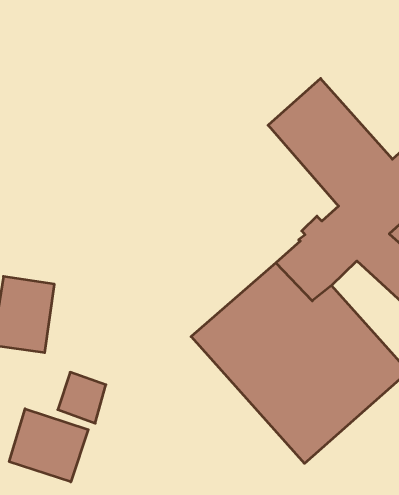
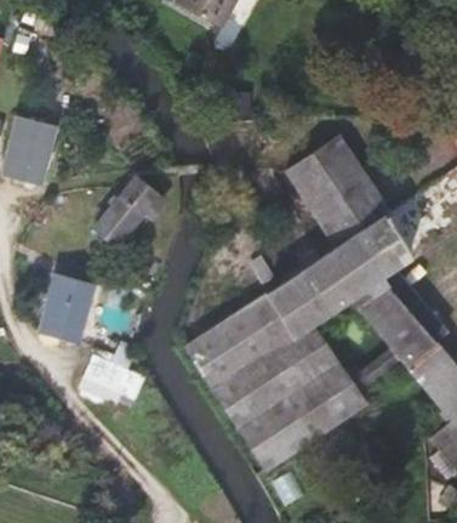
building: none -> [93,178,161,243]
building: [9,409,88,482] -> none

